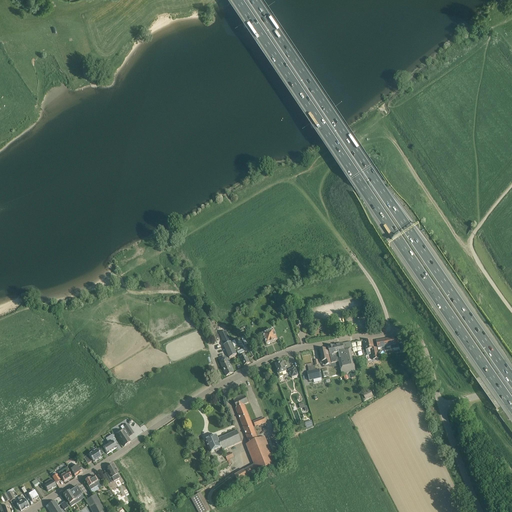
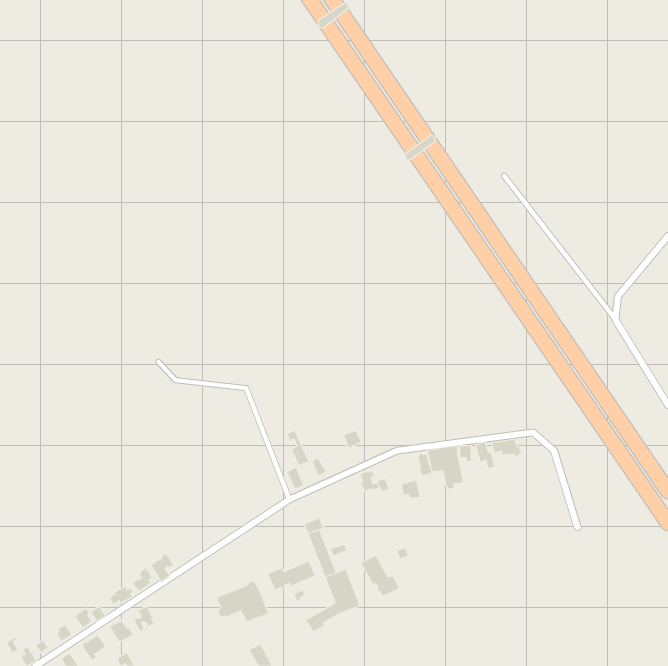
building: none -> [361,555,399,597]
building: none -> [216,581,269,622]

